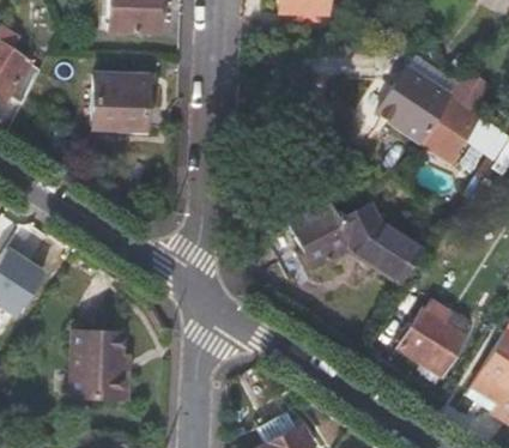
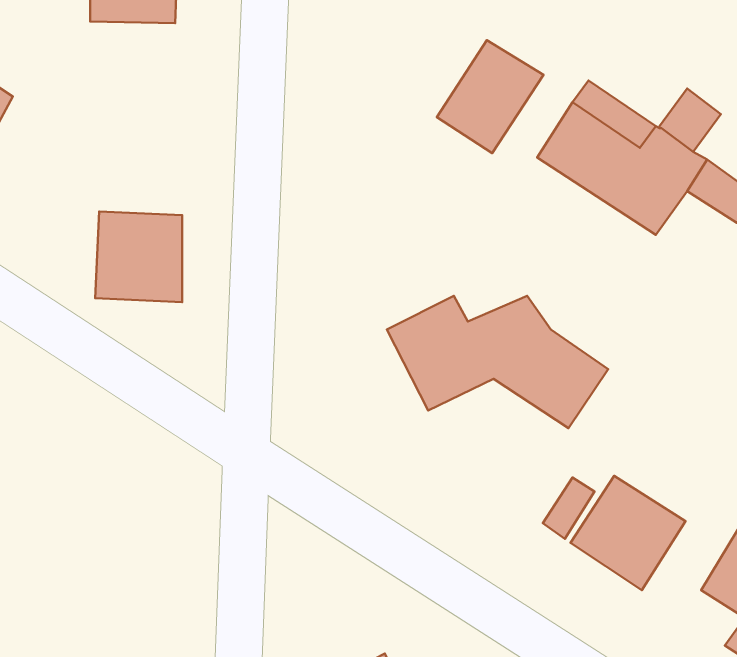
building: none -> [437,40,544,153]
building: [93,73,146,128] -> [95,211,182,302]
building: [69,331,125,399] -> none

